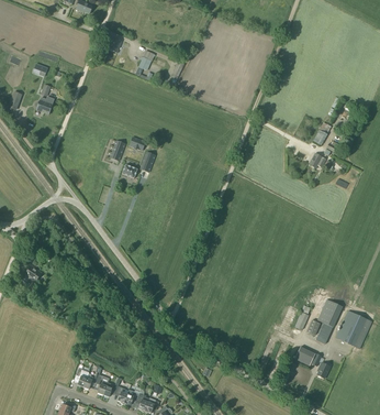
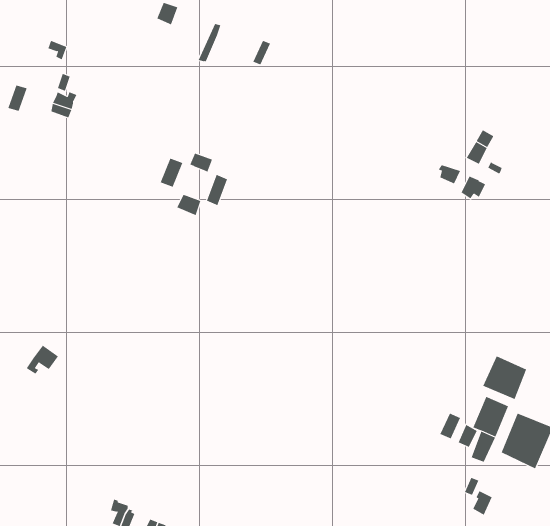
building: none -> [483,356,527,400]

